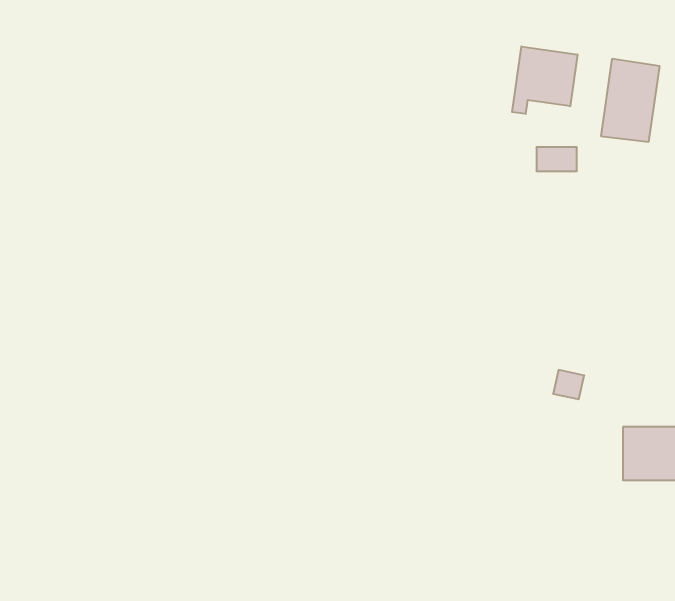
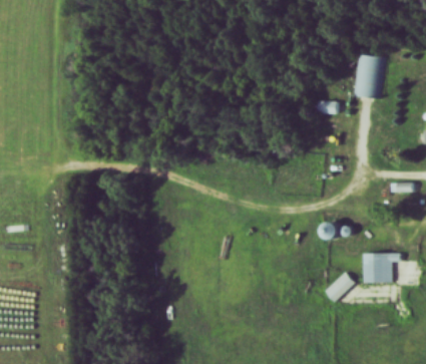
building: [512,46,577,114] -> none
building: none -> [325,272,356,301]

